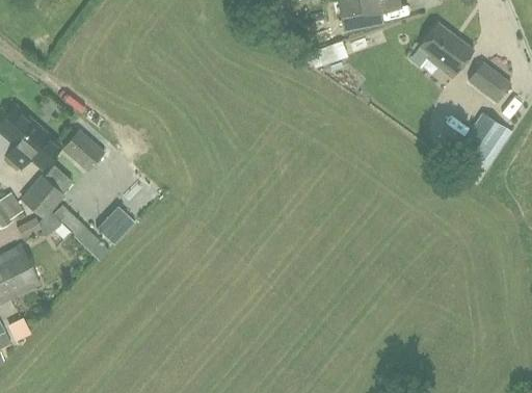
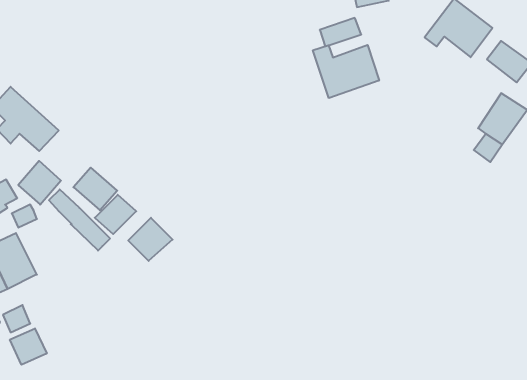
building: none -> [313,45,379,98]
building: [61,129,103,169] -> [73,168,117,210]
building: none -> [128,218,173,261]
building: none -> [10,328,47,365]

